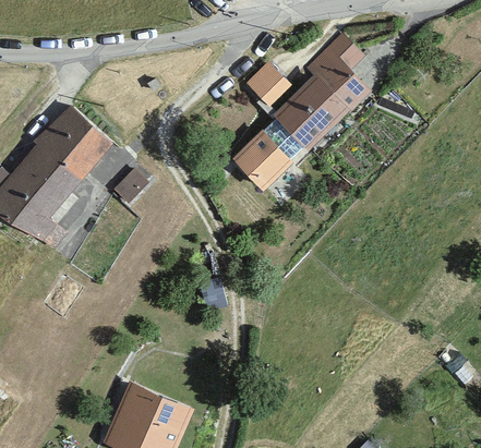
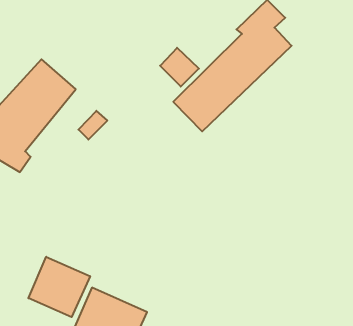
building: [244,60,291,107] -> [160,48,199,87]
building: none -> [28,257,90,317]

